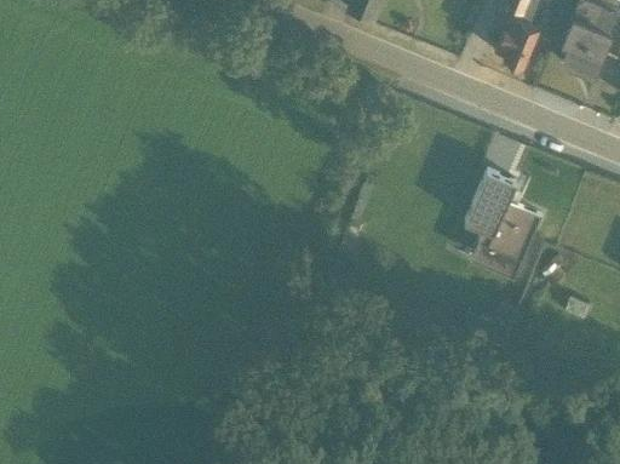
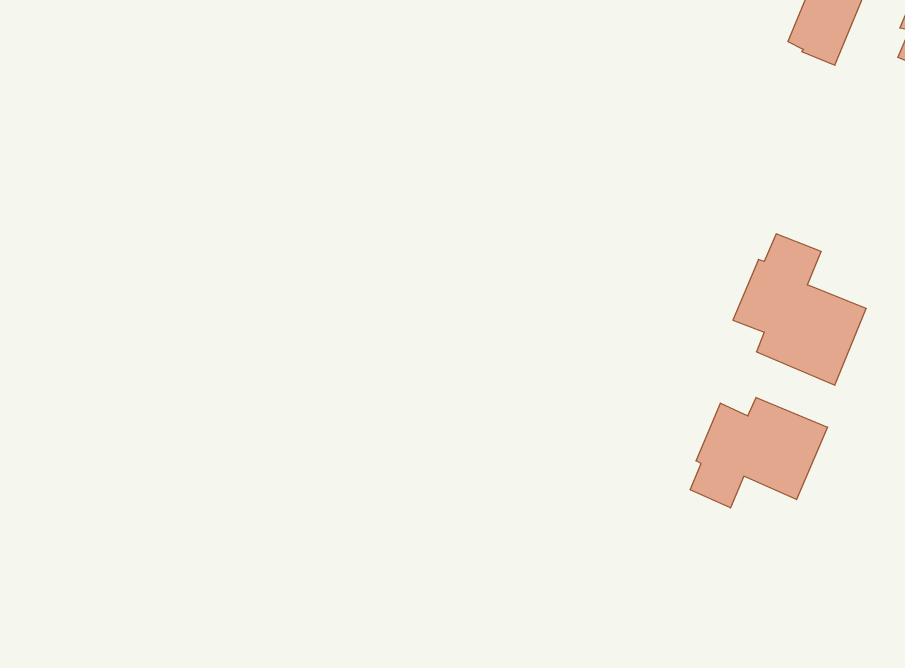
building: none -> [690,397,828,508]

